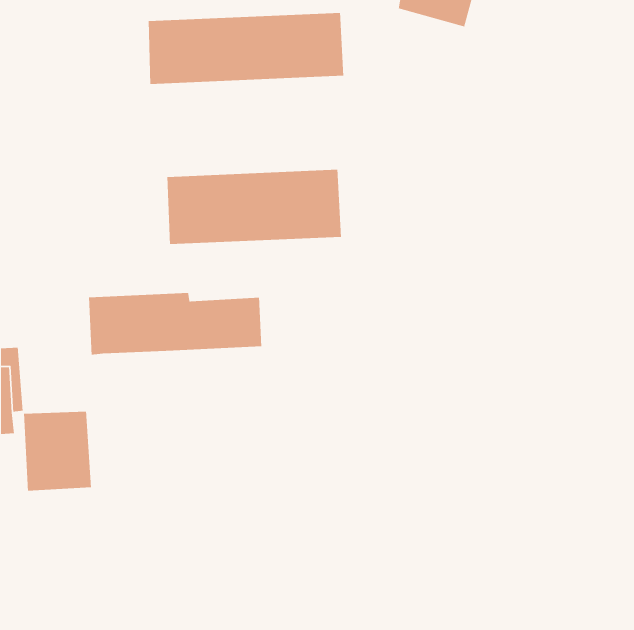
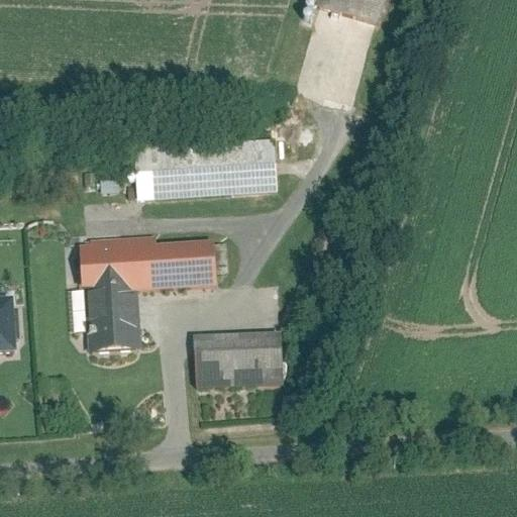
building: [148,12,344,85] -> none
building: none -> [192,332,284,391]
building: [23,411,92,491] -> [85,286,140,351]

